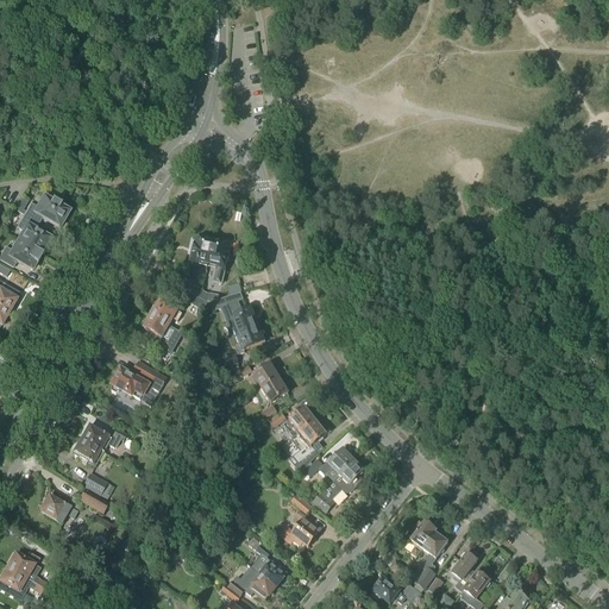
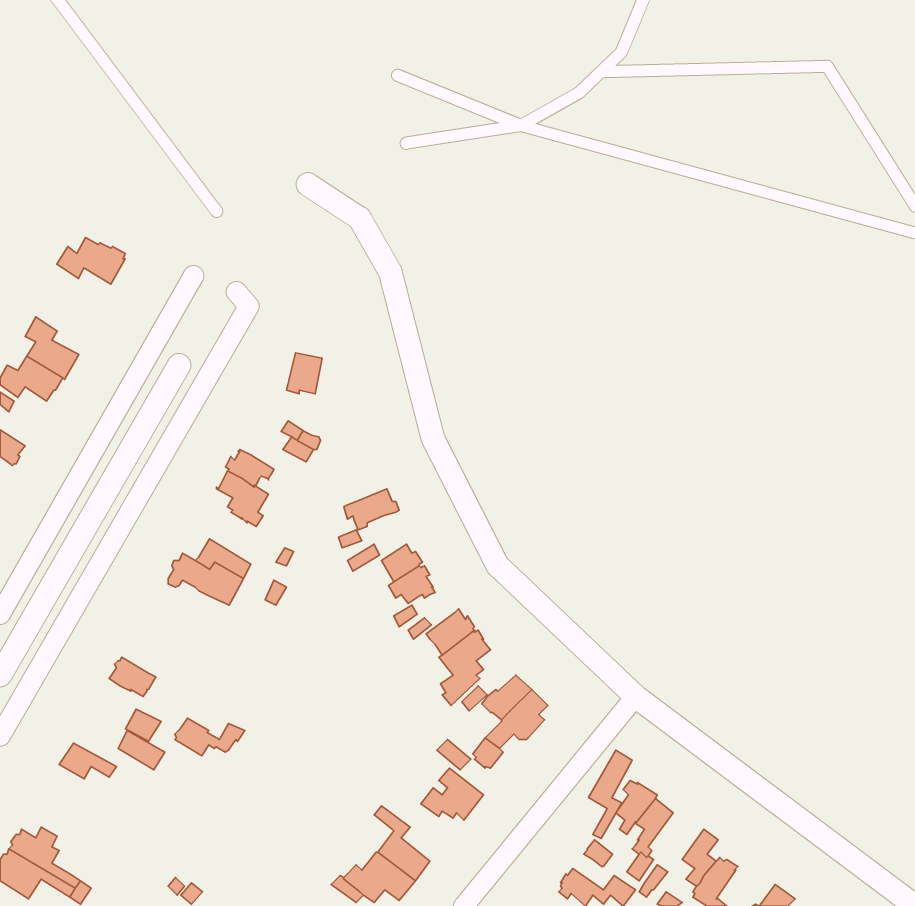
building: [24,193,69,224] -> [57,237,125,284]
building: [209,238,231,280] -> none
building: [220,297,257,335] -> none
building: [81,422,127,447] -> [175,718,245,756]
building: none -> [589,750,632,839]

